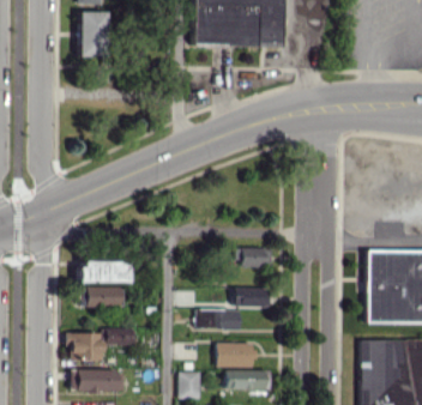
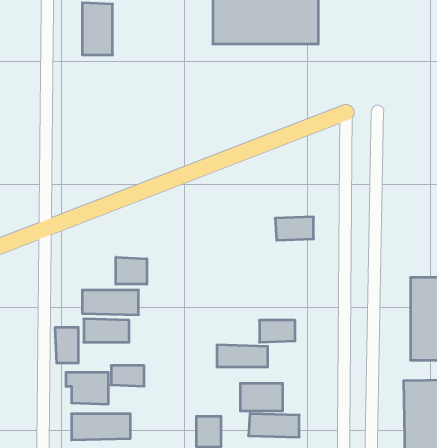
building: none -> [116,257,147,284]
building: [236,247,270,267] -> [275,217,314,240]
building: none -> [55,327,78,363]

